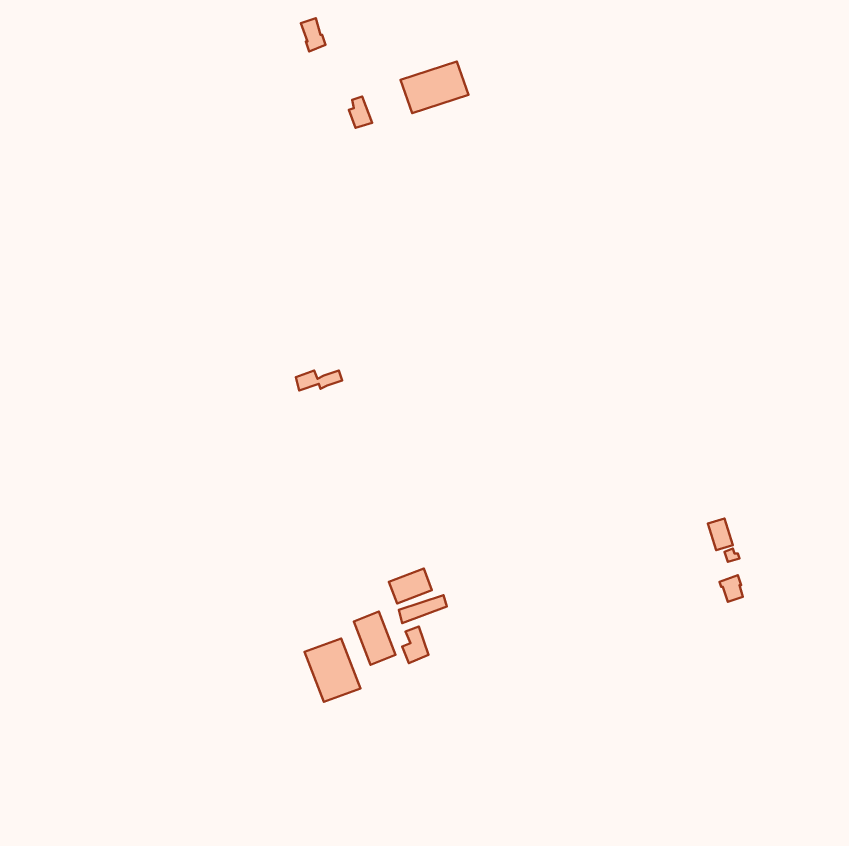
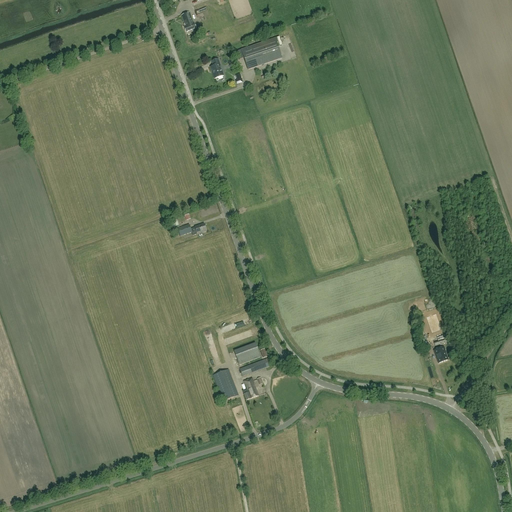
building: [305,639,360,702] -> none

